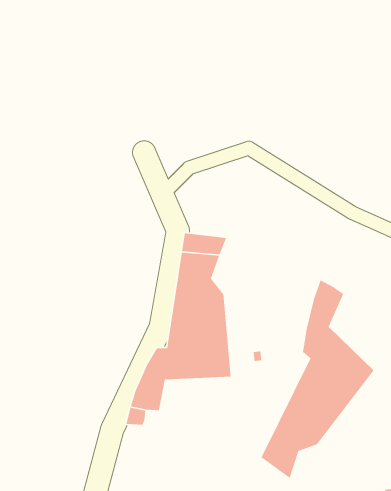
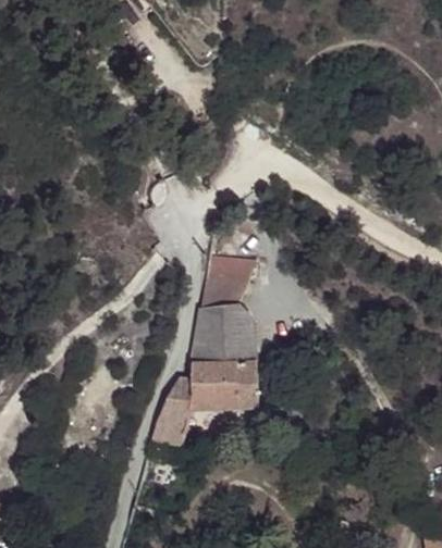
building: [260,279,375,479] -> none

